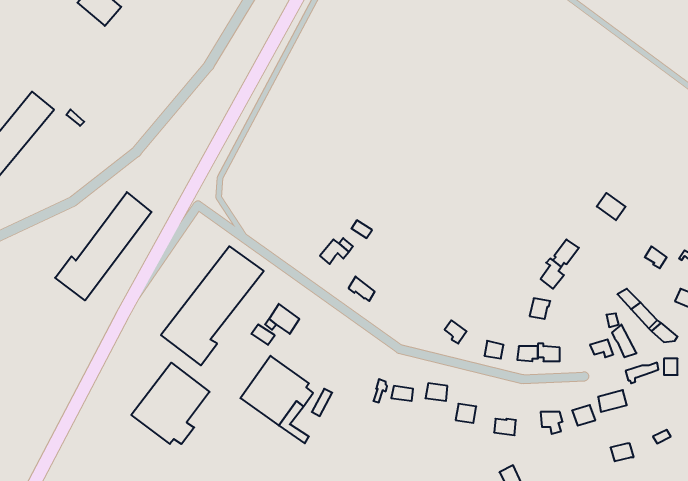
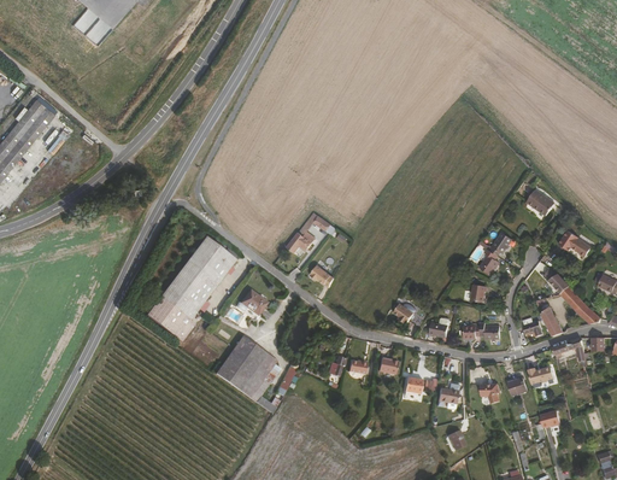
building: [55,192,152,300] -> none
building: [131,363,210,444] -> none

